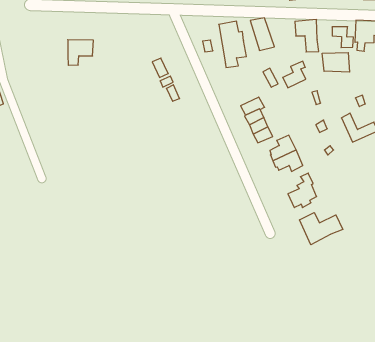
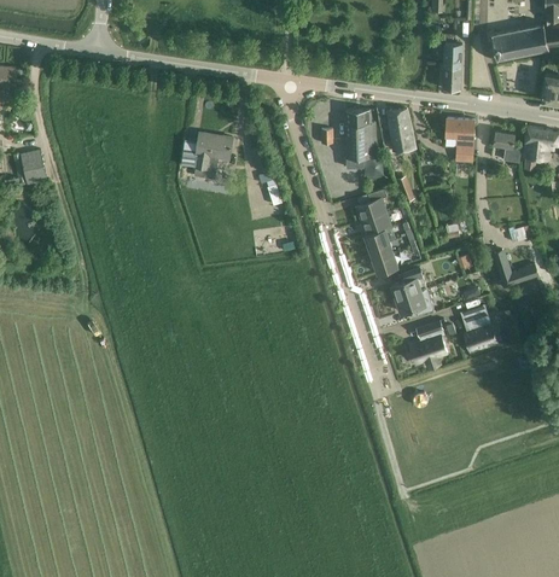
building: [68,40,93,65] -> [196,133,233,168]
building: [322,53,349,72] -> none
building: [283,61,306,88] -> [356,188,388,221]
building: none -> [464,305,496,349]
building: [300,213,343,245] -> none

